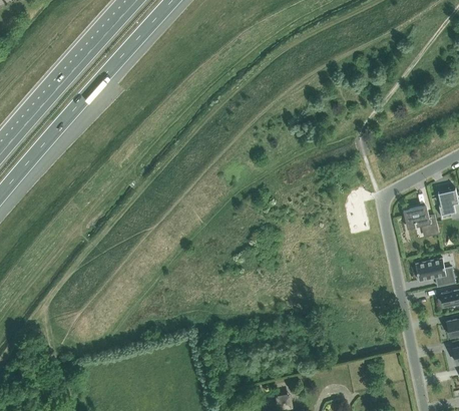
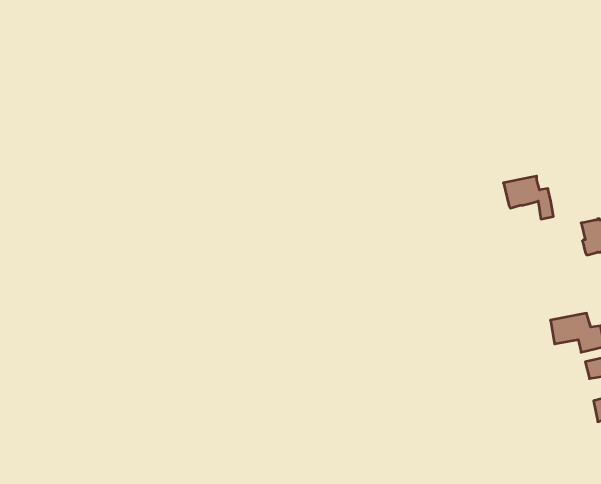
building: [402,204,438,236] -> [503,176,553,219]

